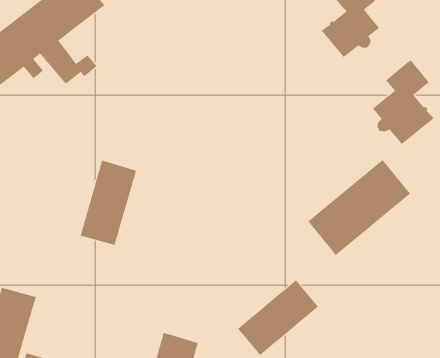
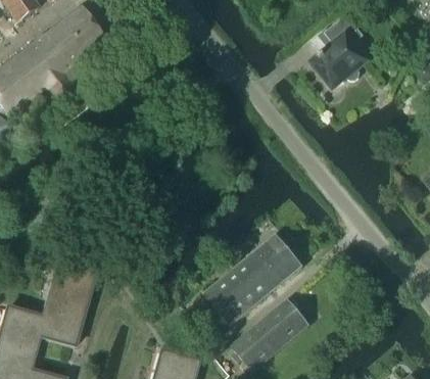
building: [372,59,434,145] -> none
building: [308,159,411,256] -> [205,232,303,324]
building: [80,160,137,246] -> [42,263,96,344]

